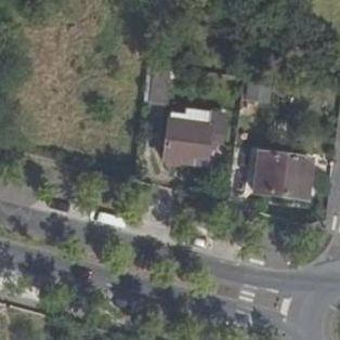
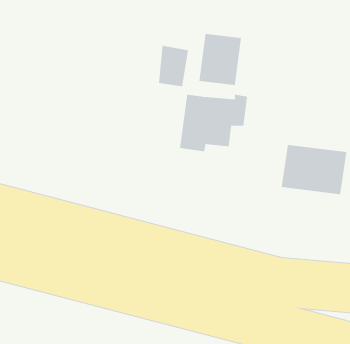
building: none -> [199,33,242,86]

